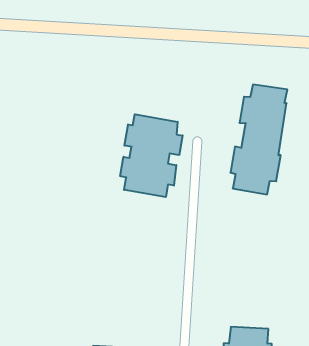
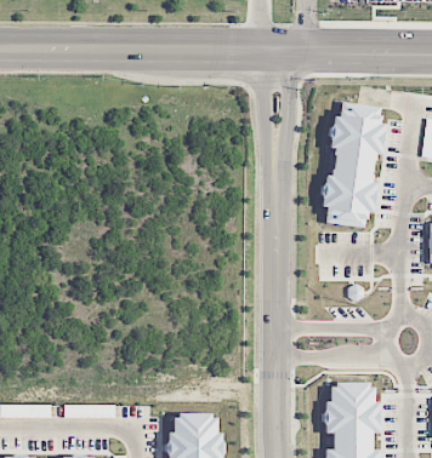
building: [120,114,183,197] -> none

